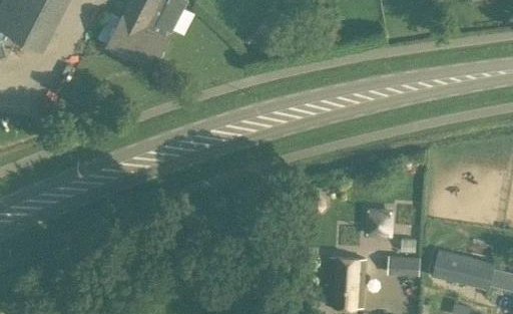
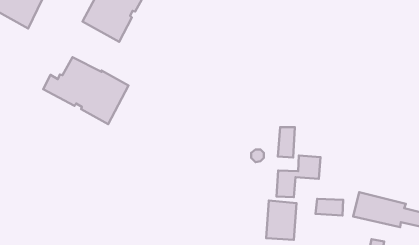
building: none -> [43,57,129,124]
building: none -> [278,127,295,158]

